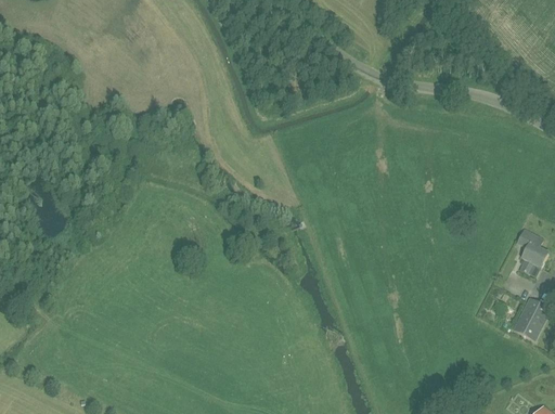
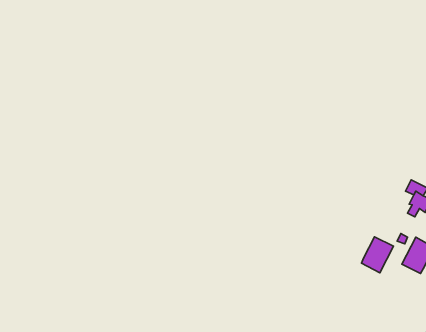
building: none -> [361,237,394,273]

